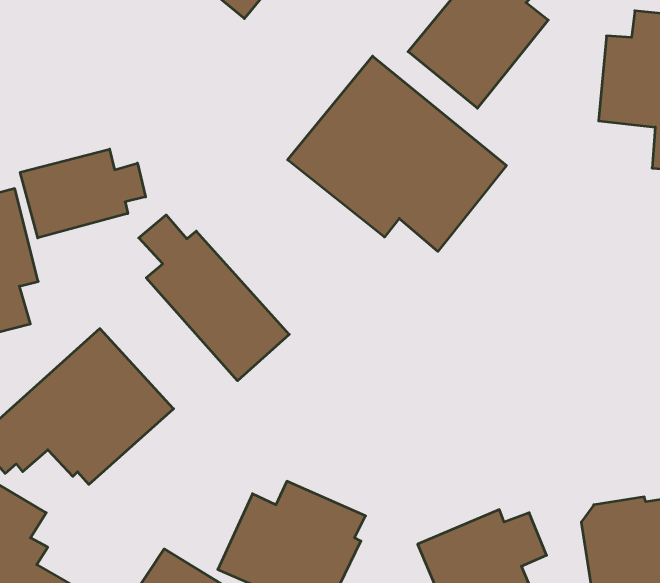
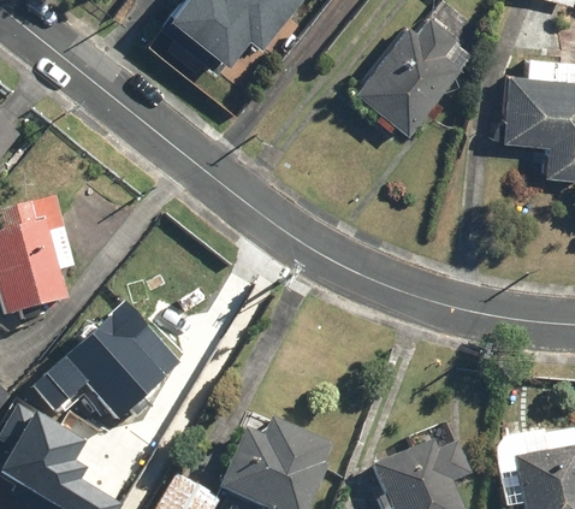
building: [288,56,506,251] -> none
building: [20,149,146,238] -> none
building: [139,215,289,381] -> none

